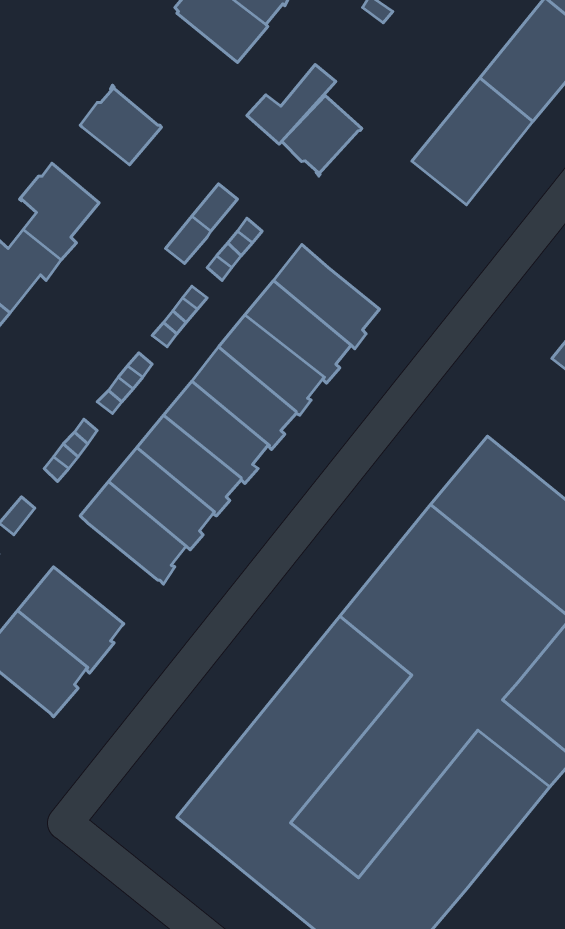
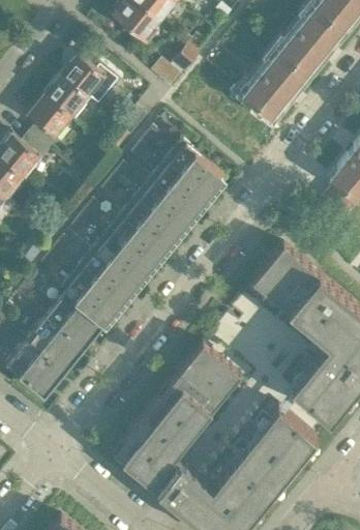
building: [282,96,362,176] -> none
building: none -> [43,78,87,119]
building: none -> [46,294,102,351]

